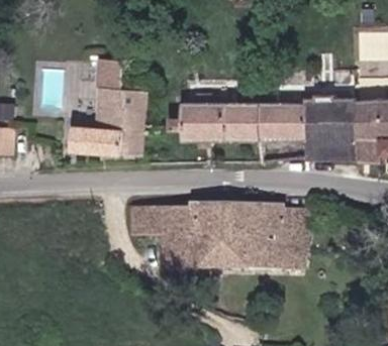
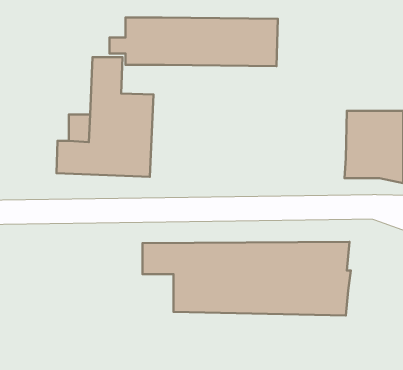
building: [169,101,305,140] -> [109,17,278,66]

